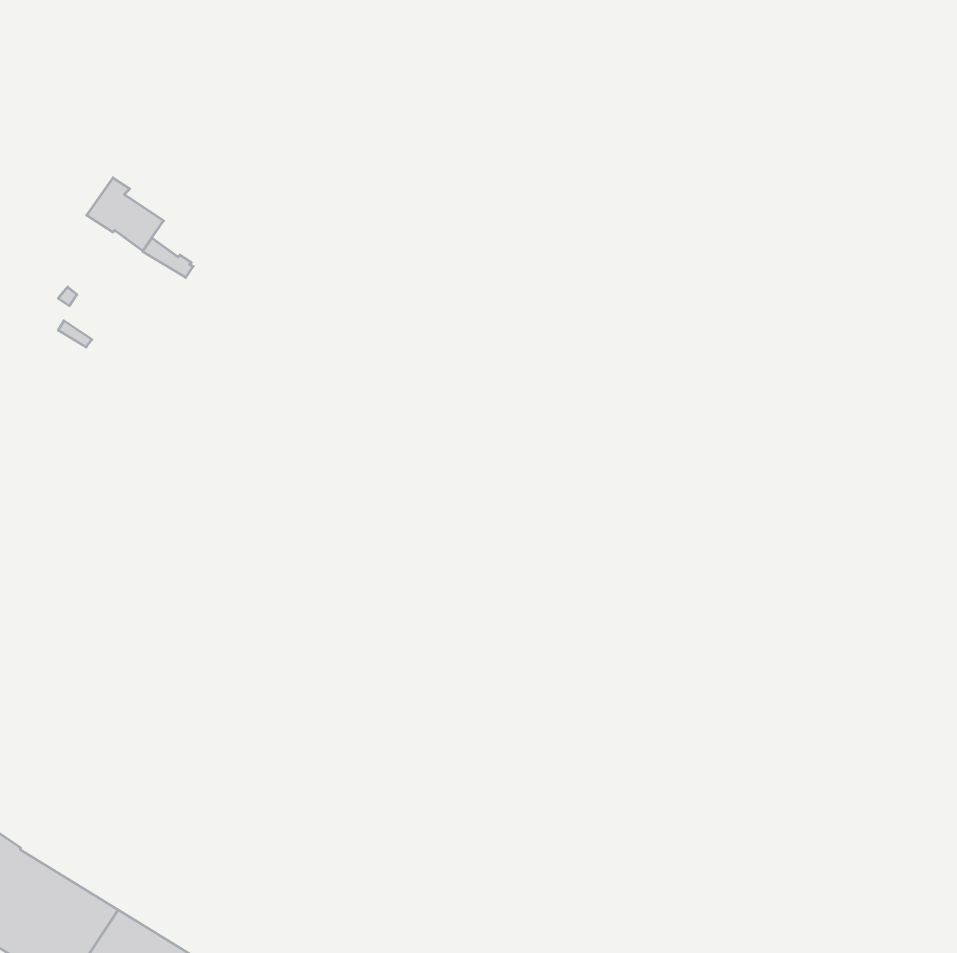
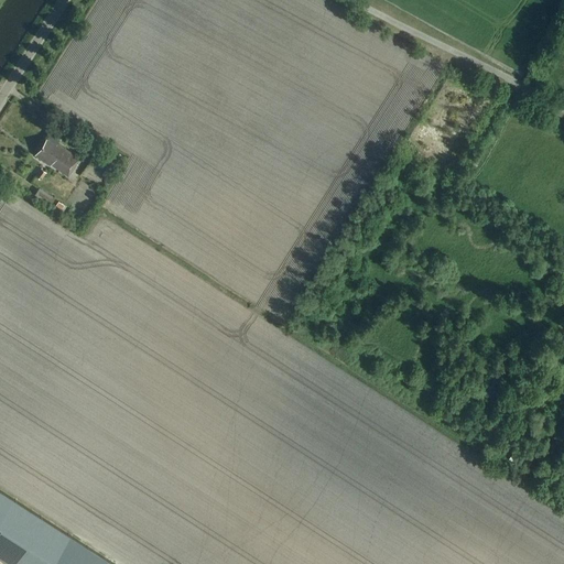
building: [87,178,164,251] -> [33,137,78,180]

